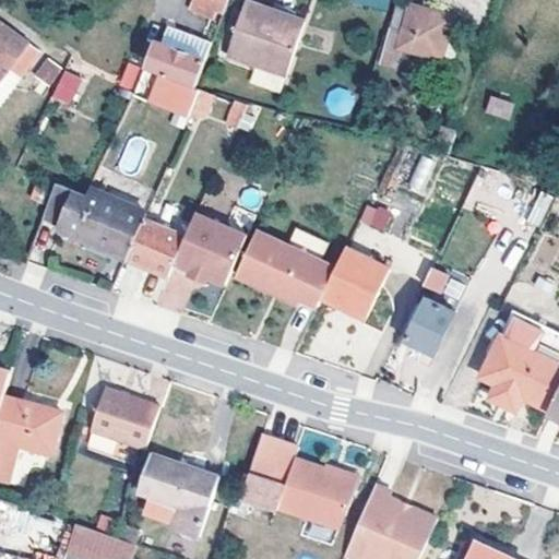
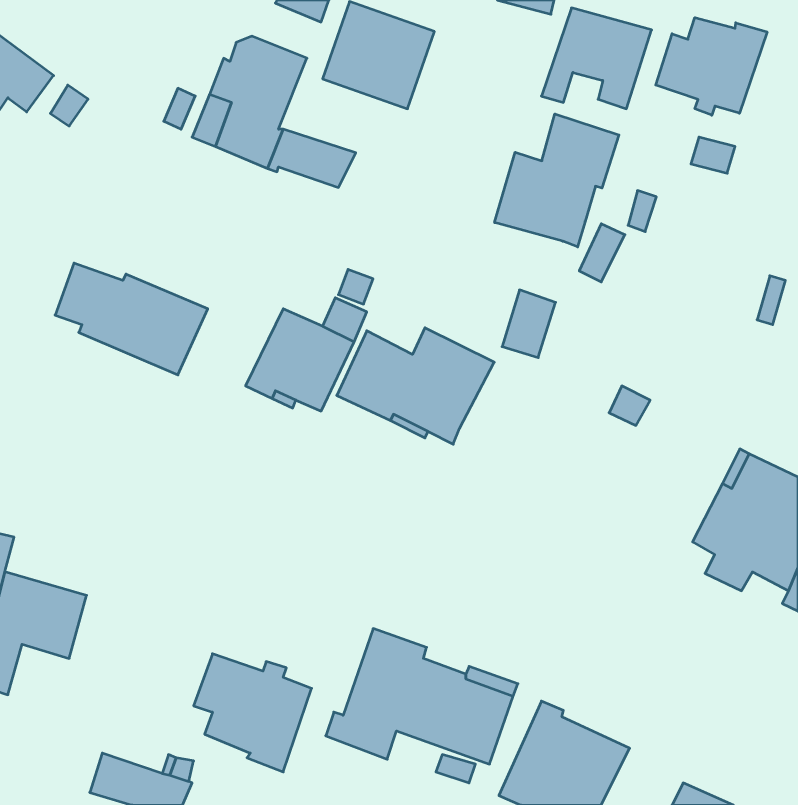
building: none -> [656,18,767,115]
building: none -> [495,114,619,247]
building: [126,218,182,277] -> none
building: [319,247,389,319] -> none
building: [405,299,456,360] -> none
building: [94,390,163,453] -> none

